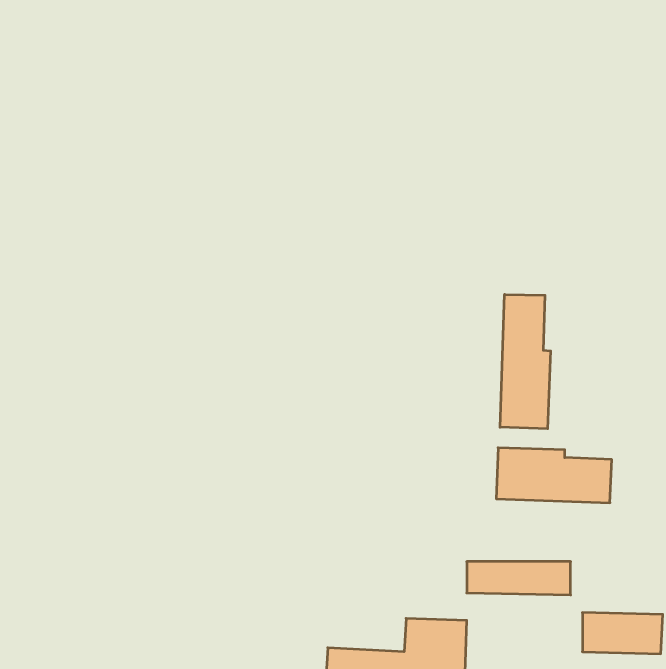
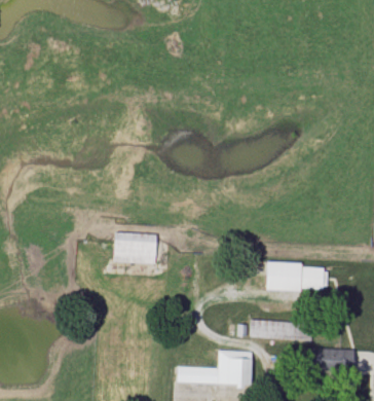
building: [500,294,551,429] -> none
building: none -> [114,233,157,263]

